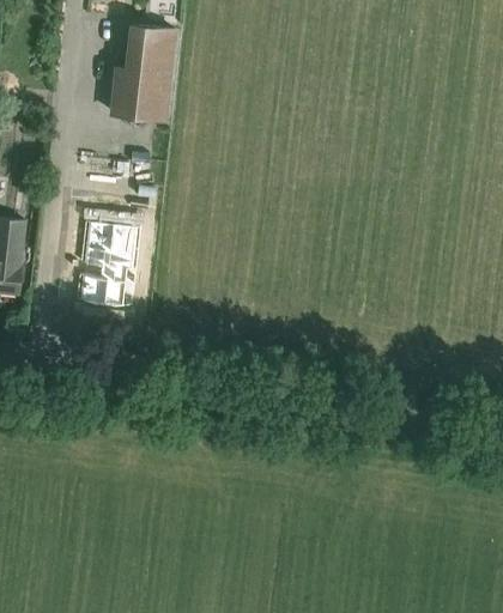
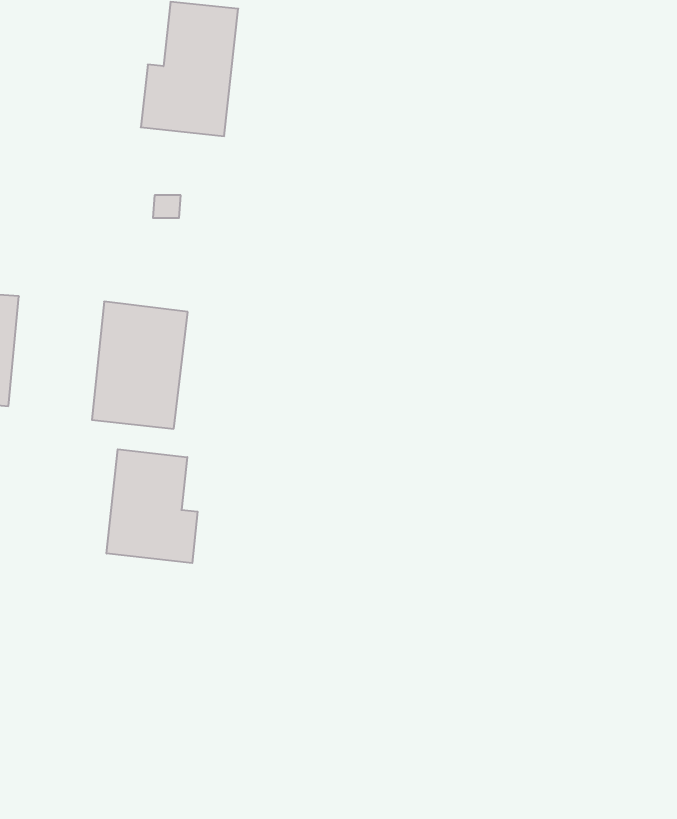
building: none -> [107,449,198,563]

